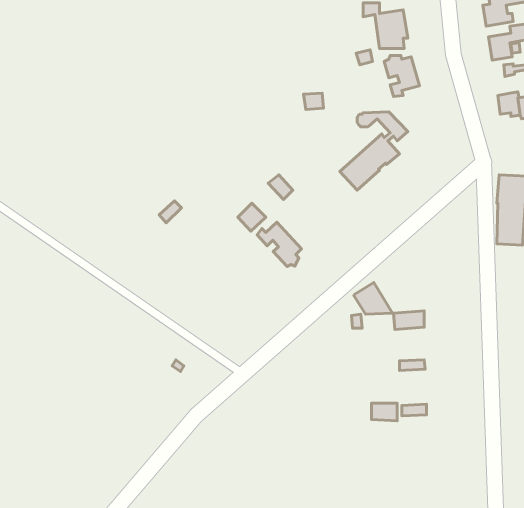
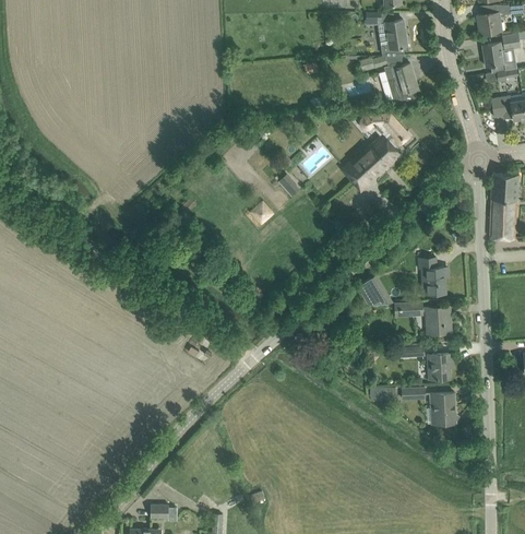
building: [257,222,301,267] -> none
building: none -> [418,258,445,294]
building: none -> [426,306,451,333]
building: none -> [428,354,450,379]
building: none -> [430,392,460,424]

